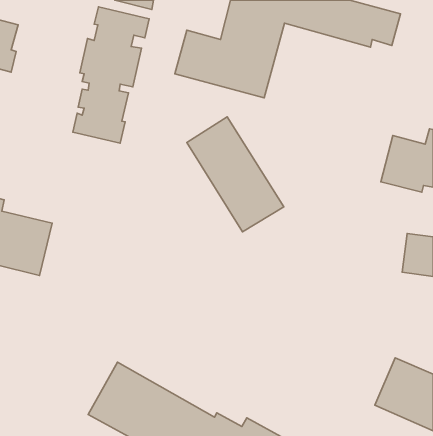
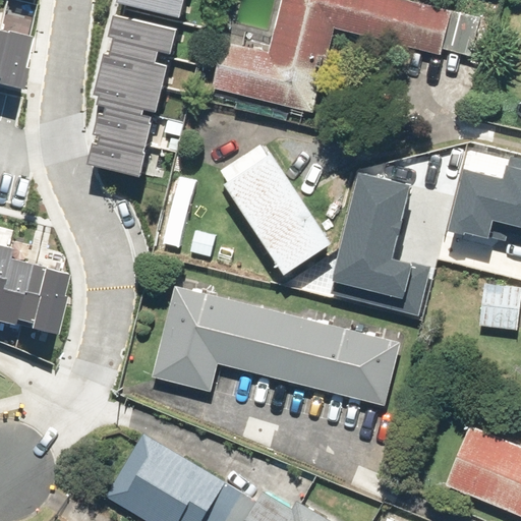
building: none -> [331,175,426,307]
building: none -> [152,285,403,408]

